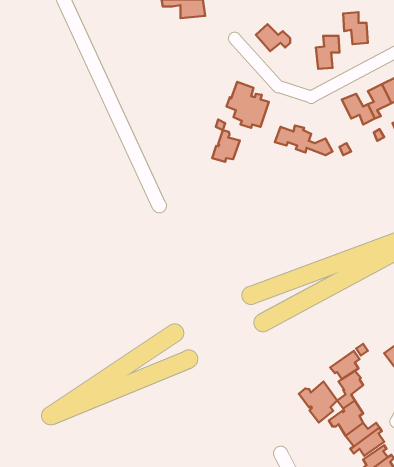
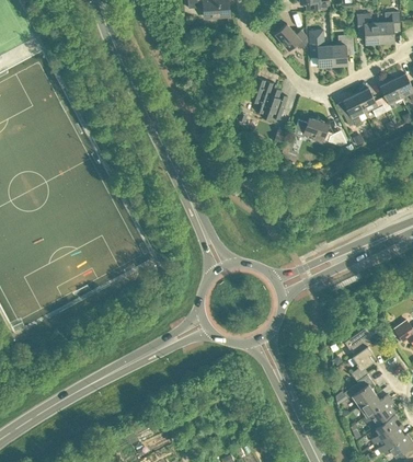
building: none -> [378,12,399,42]
building: none -> [309,30,333,66]
building: none -> [343,94,364,127]
building: [212,130,240,162] -> none
building: [299,382,337,423] -> none

